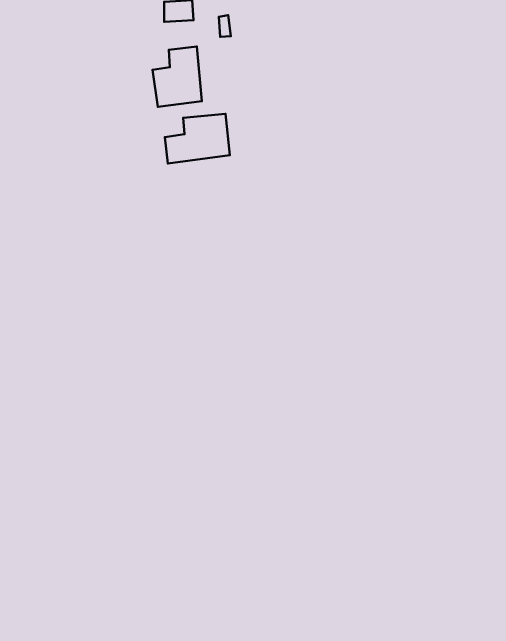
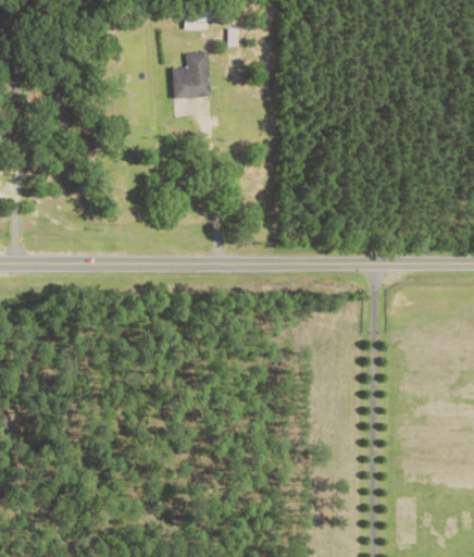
building: [165,114,230,164] -> none

